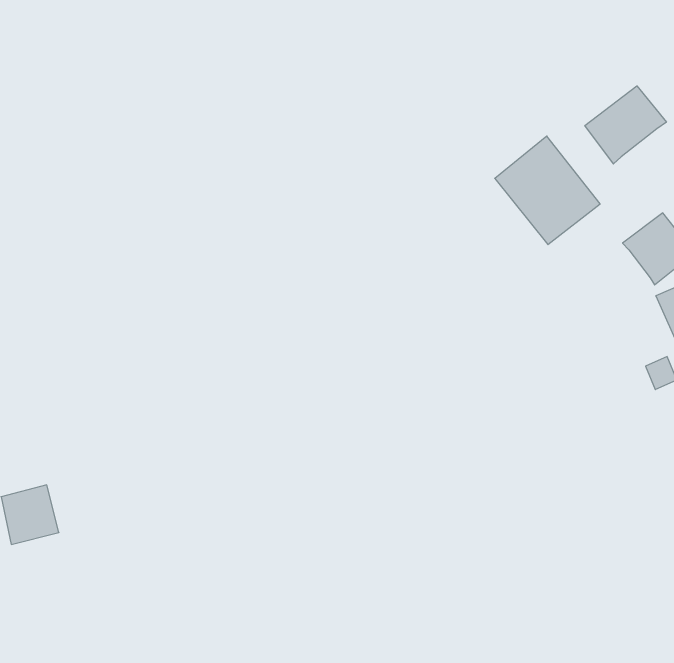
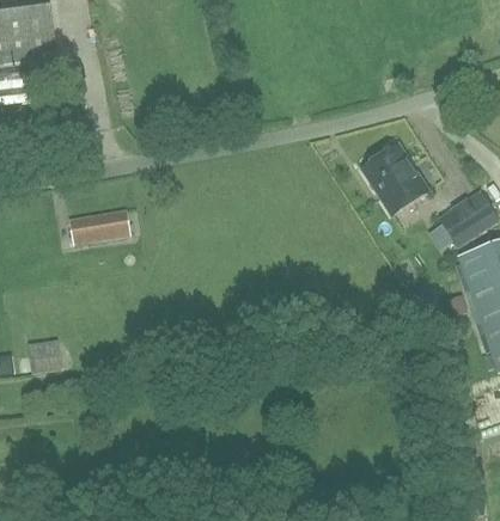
building: [585,86,666,164] -> none
building: none -> [68,208,130,244]

